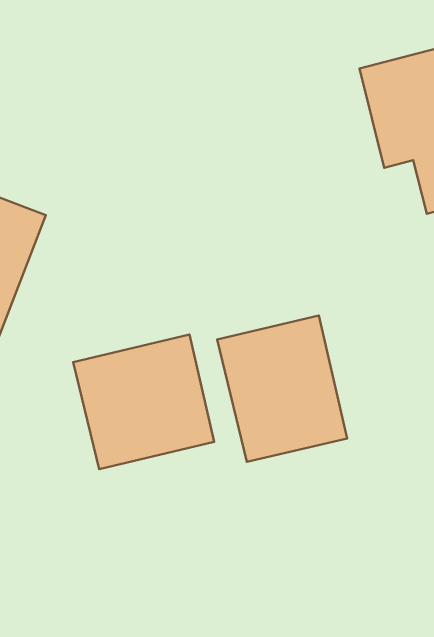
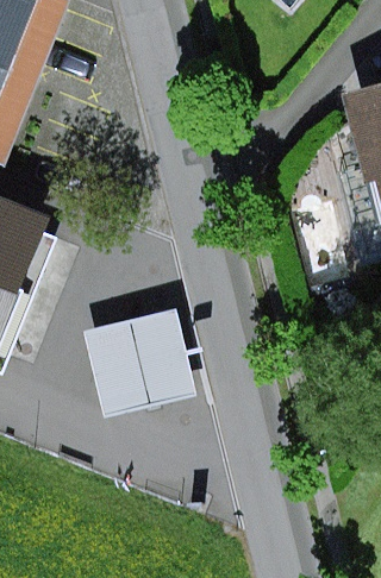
building: [217,315,347,462] -> none

